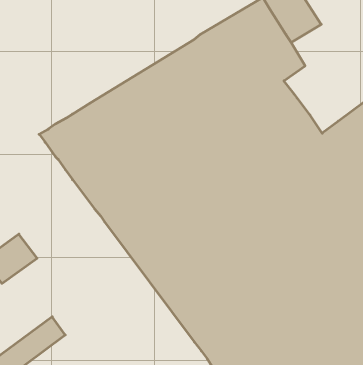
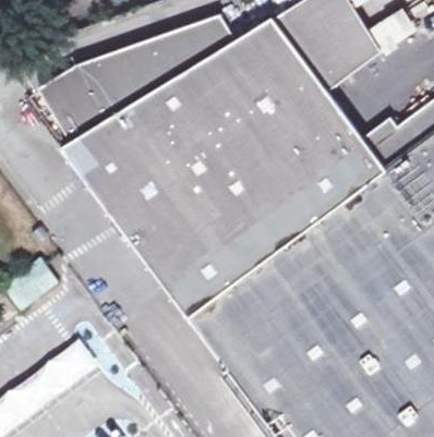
building: none -> [40,13,238,142]
building: none -> [336,28,384,73]

